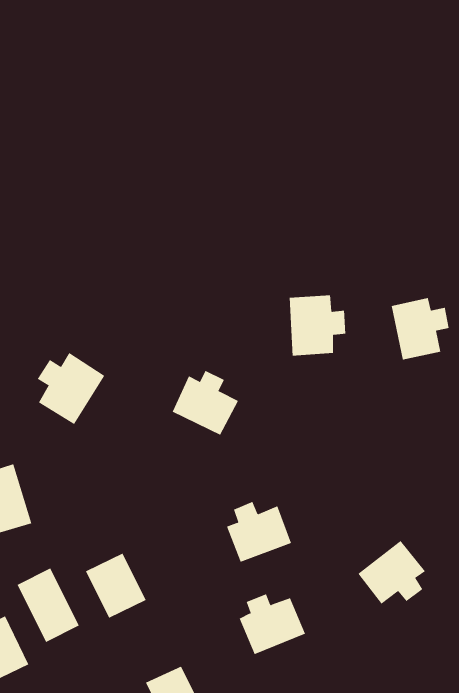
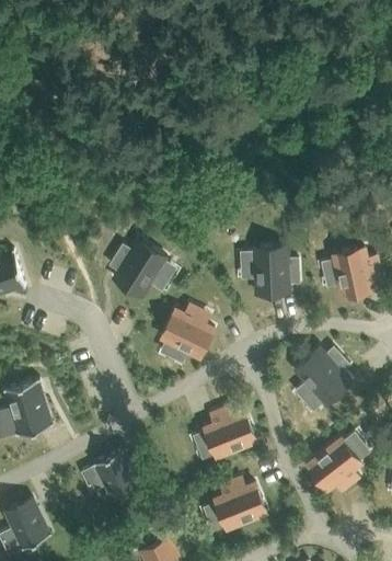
building: [37,352,105,425] -> [113,240,166,297]
building: none -> [295,348,350,405]
building: [17,567,80,643] -> none

